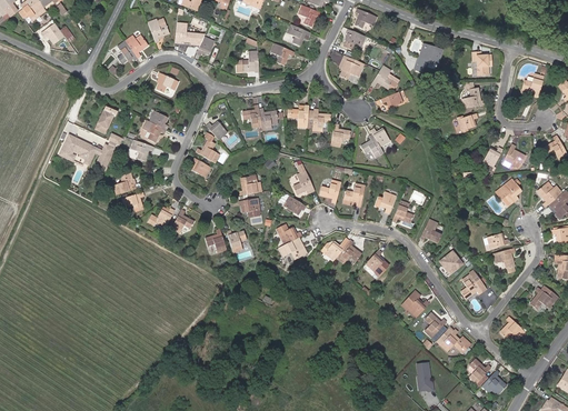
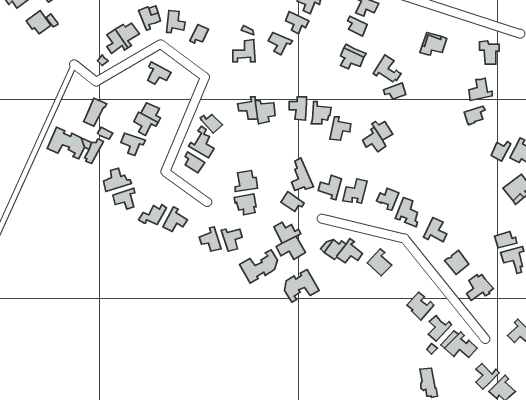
building: none -> [239,250,278,283]
building: none -> [285,269,319,302]

